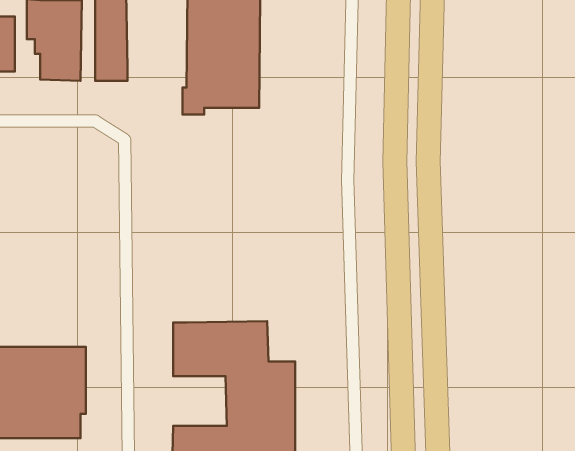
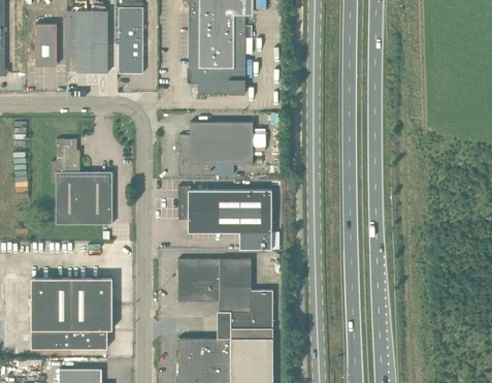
building: none -> [178,122,253,175]
building: none -> [52,138,112,224]
building: none -> [178,186,271,249]

